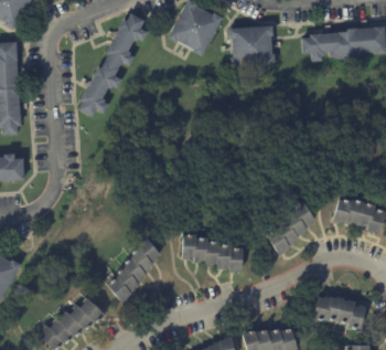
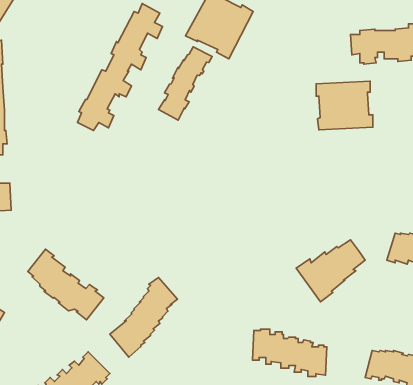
building: [229,25,276,65] -> [316,81,373,130]
building: none -> [158,47,212,120]
building: none -> [28,249,104,320]
building: [182,232,243,271] -> [252,329,327,376]

